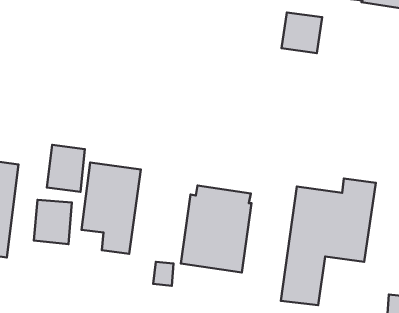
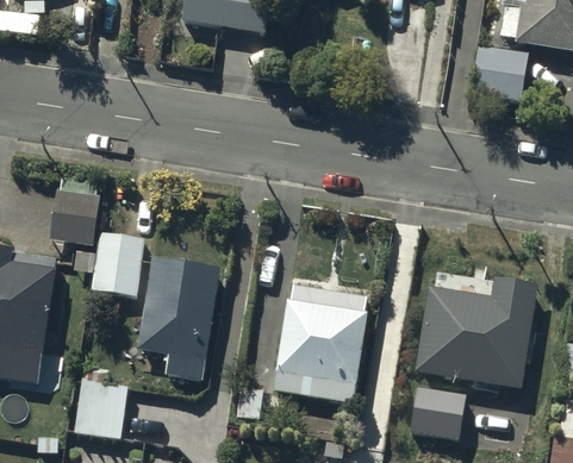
building: [282,13,322,53] -> [472,48,527,102]
building: none -> [51,179,98,244]
building: [34,200,72,244] -> [76,380,127,439]

